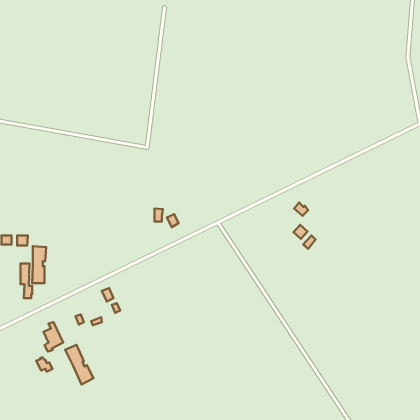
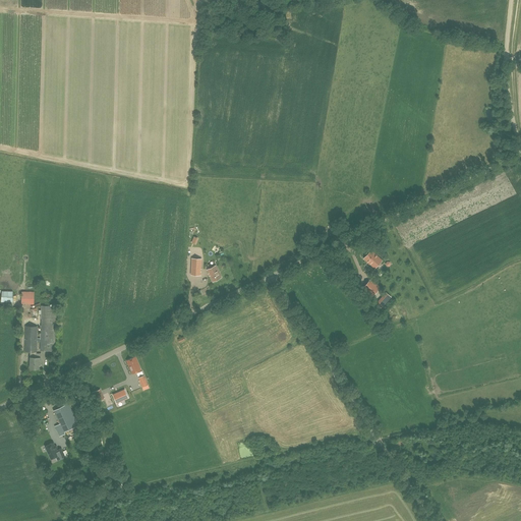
building: [65,345,93,384] -> none

